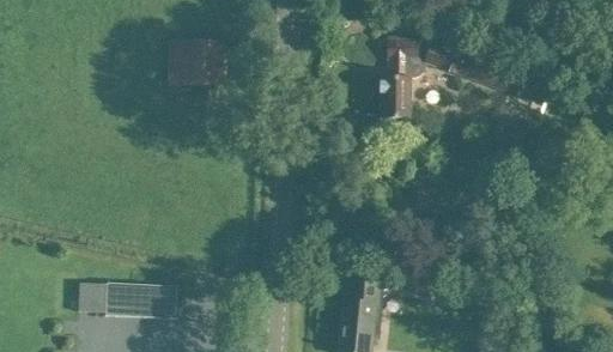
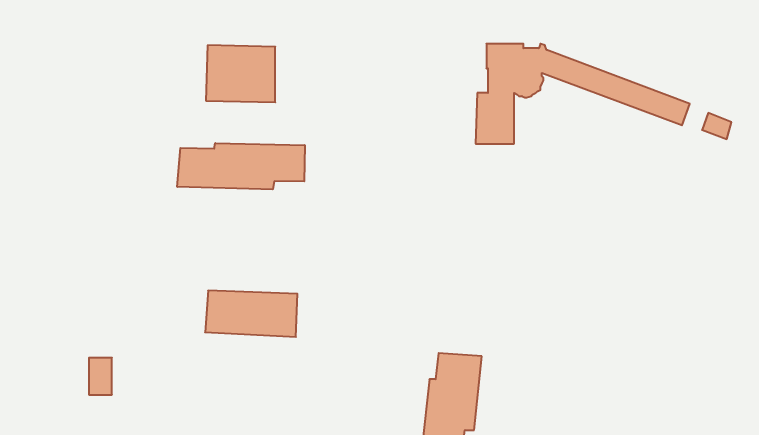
building: none -> [177,143,305,189]
building: [102,283,174,318] -> [205,291,297,337]

